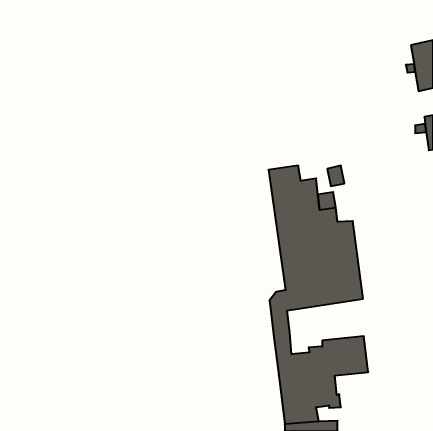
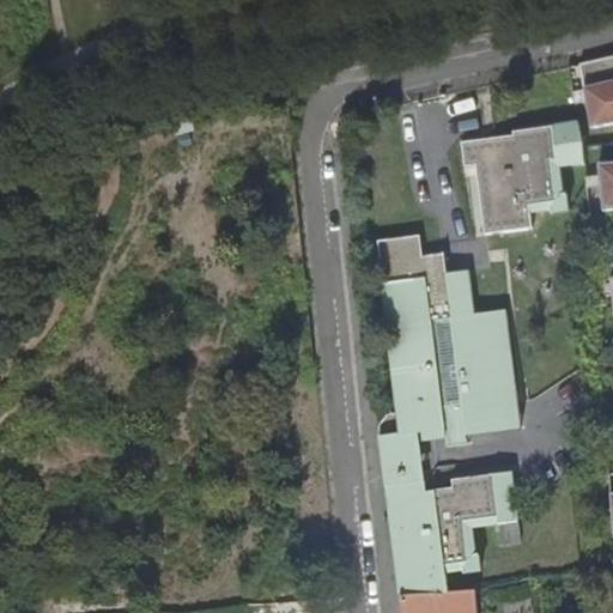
building: none -> [459,121,582,233]
building: none -> [403,310,521,467]

